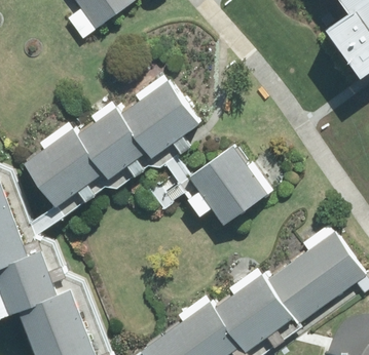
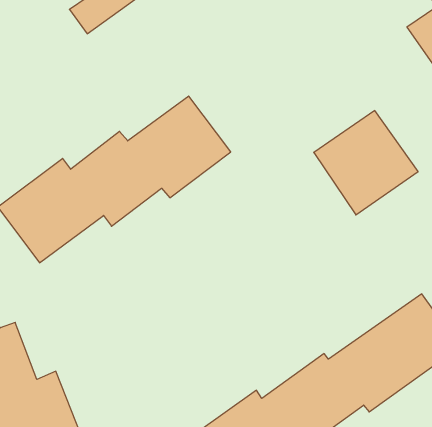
building: [192,145,271,224] -> [314,111,418,215]

